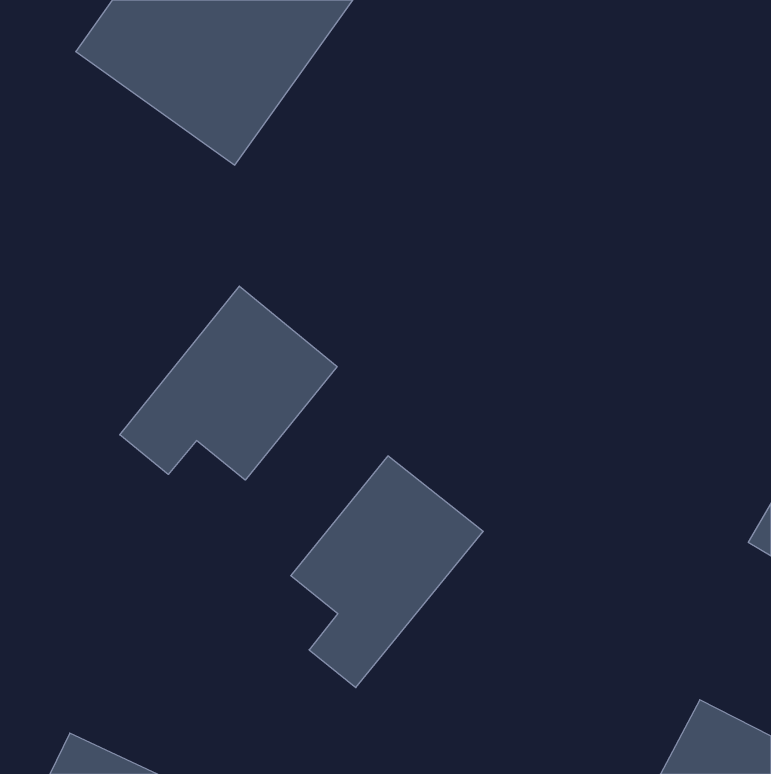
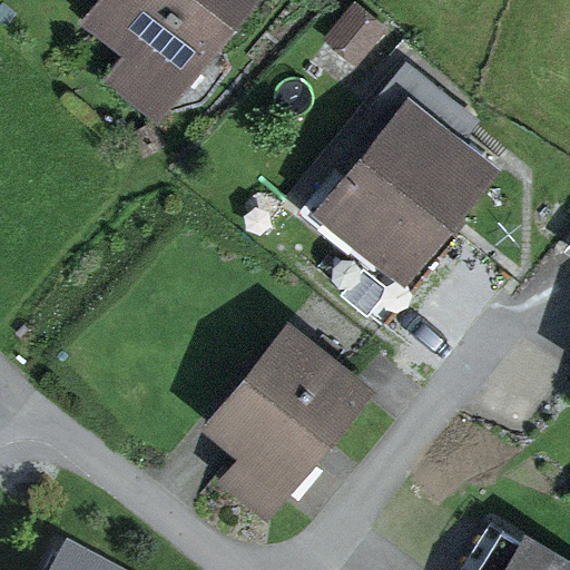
building: none -> [324,107,482,268]
building: [120,286,337,480] -> none

